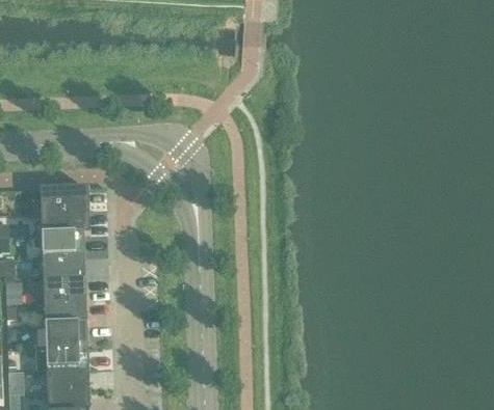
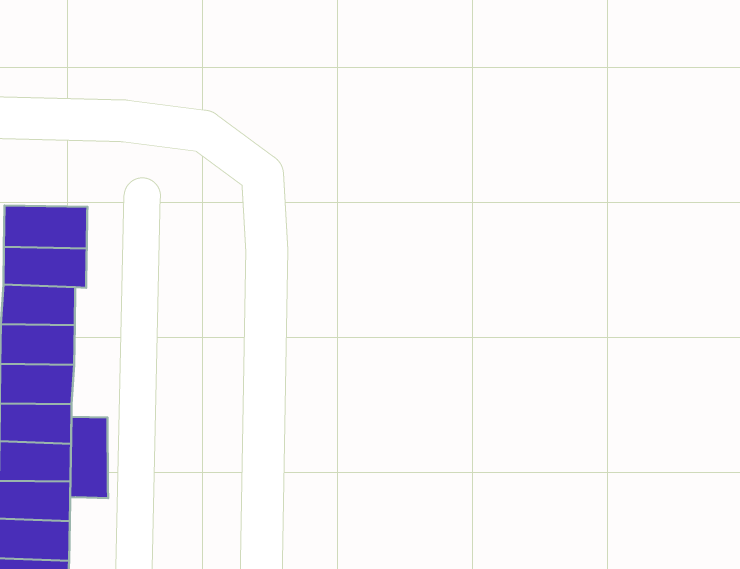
building: none -> [70,417,108,498]

